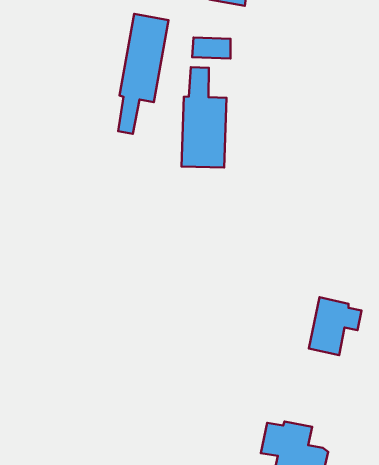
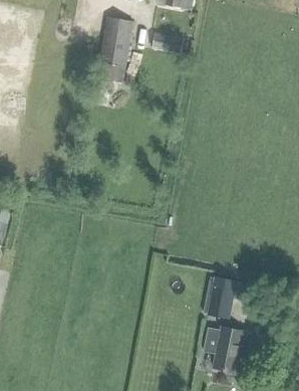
building: [181,67,227,168] -> none
building: [309,297,362,355] -> [206,275,246,320]

